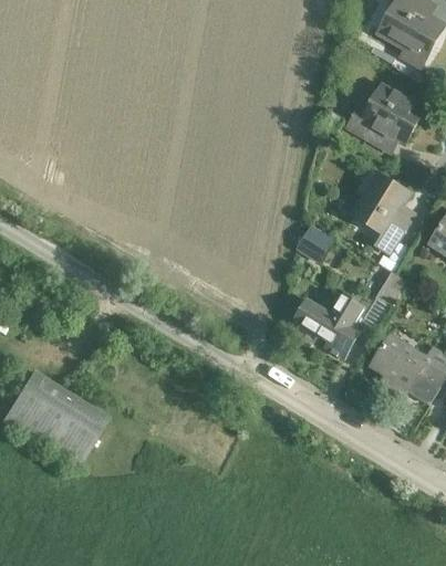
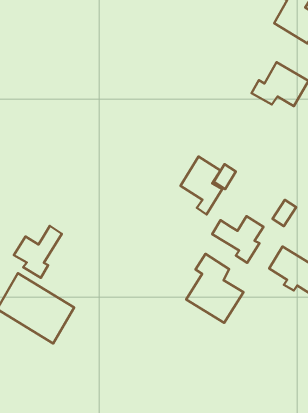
building: [354,175,411,253] -> [180,157,222,214]
building: none -> [14,226,62,278]
building: none -> [186,254,243,323]

